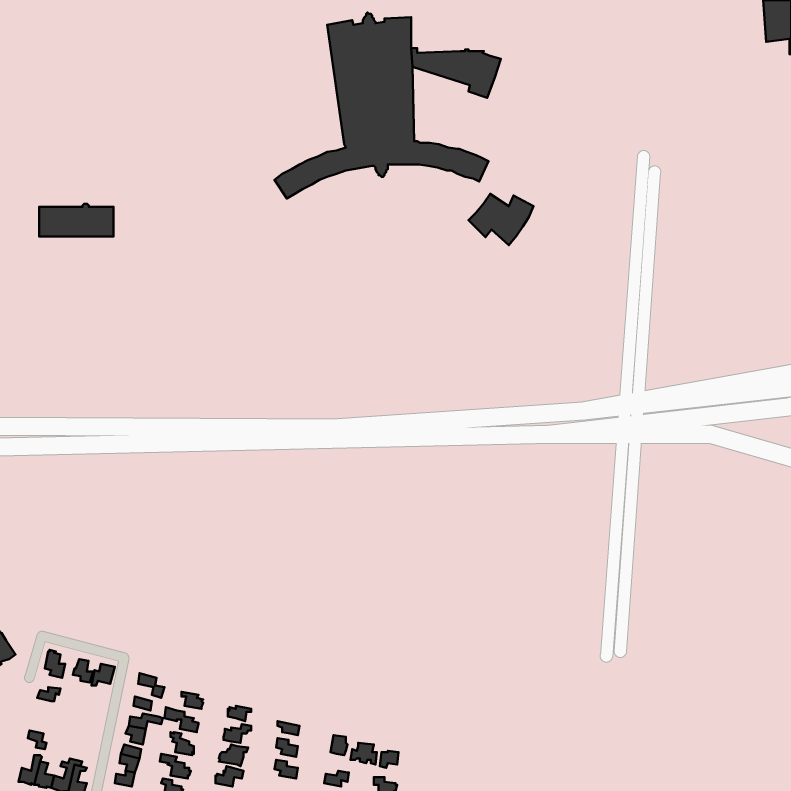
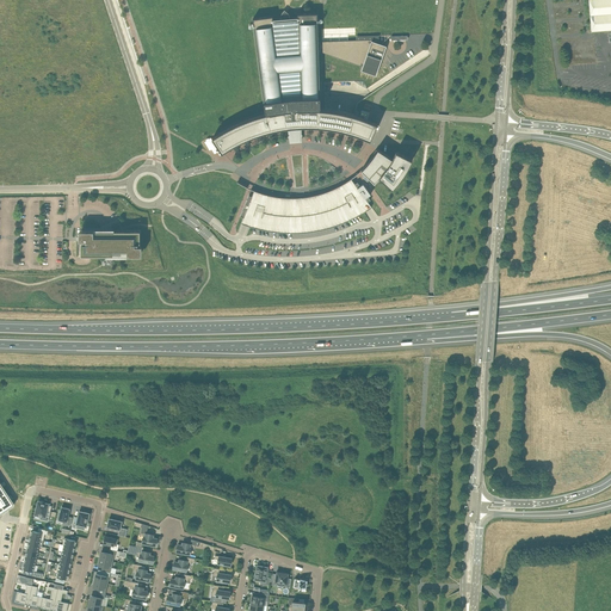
building: [39,204,114,236] -> [81,230,138,255]
building: none -> [239,180,371,234]

